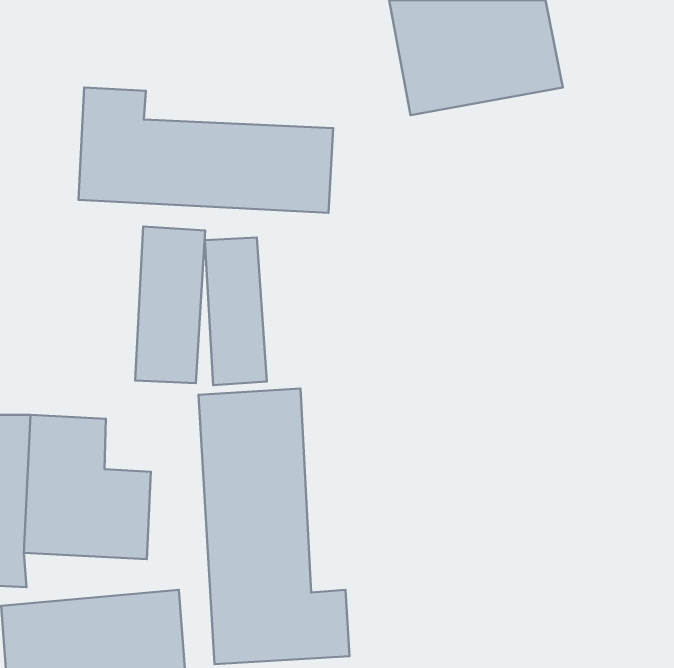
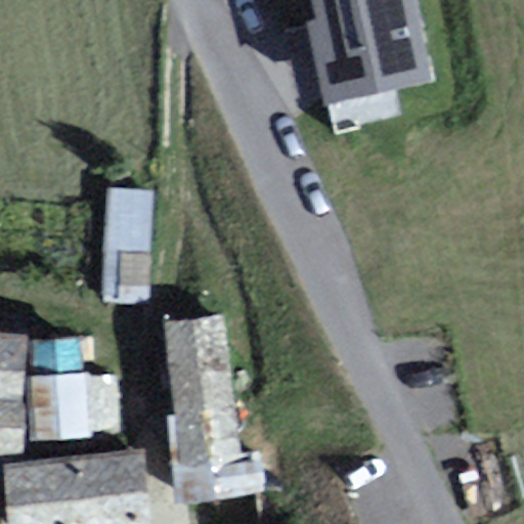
building: [79,88,333,213] -> none
building: [205,237,267,385] -> none

